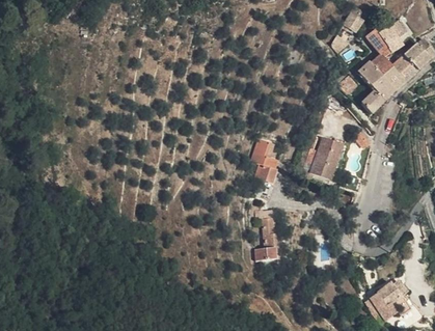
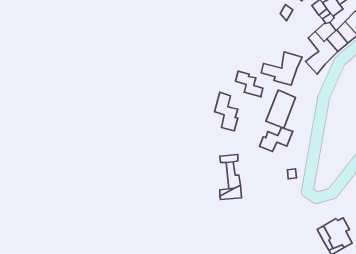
building: none -> [261,52,302,85]
building: none -> [236,71,263,97]
building: none -> [259,127,293,151]

